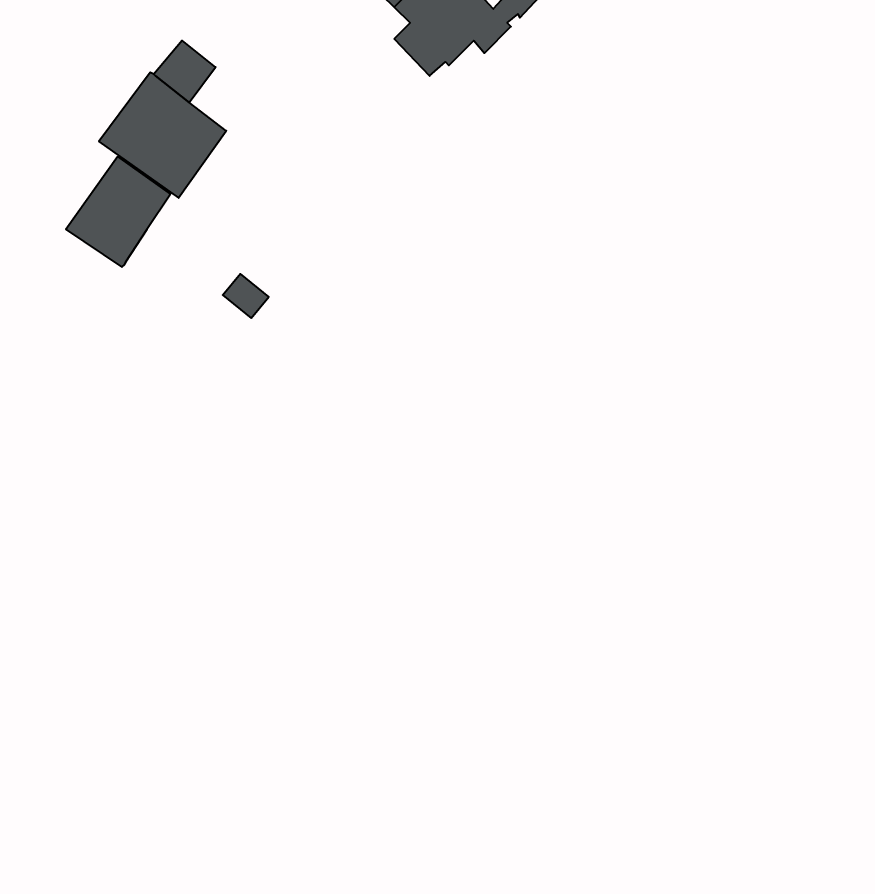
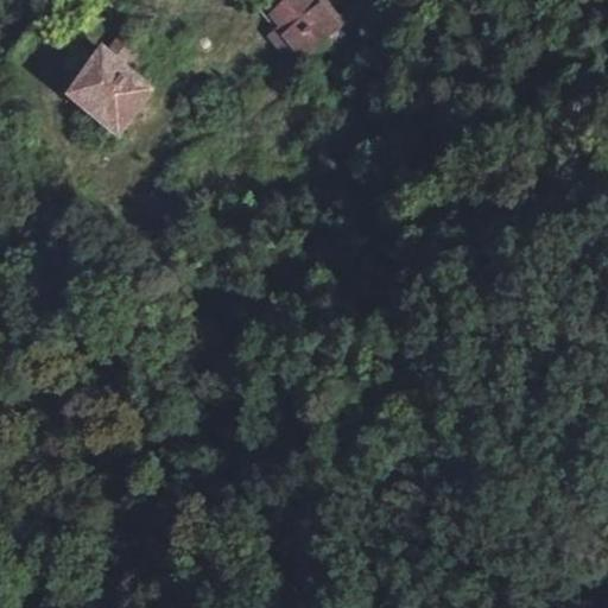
building: [66,157,170,267] -> none

